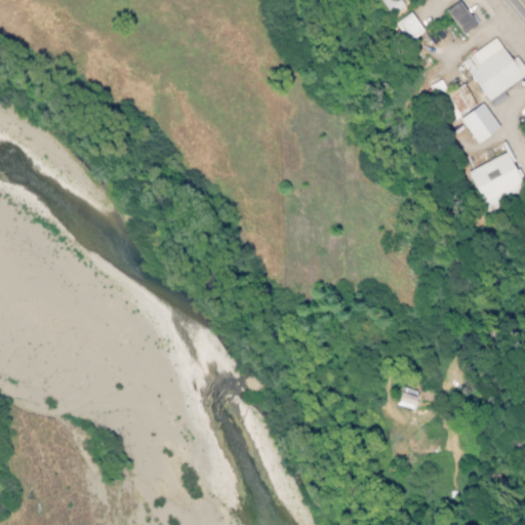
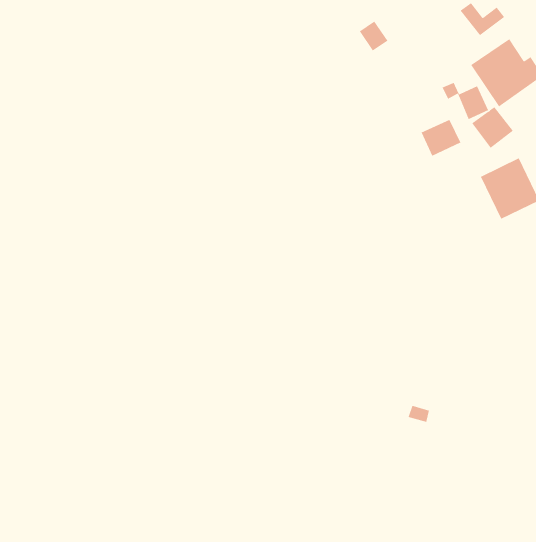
building: [396,12,425,42] -> [359,21,388,51]
building: none -> [421,119,462,157]

